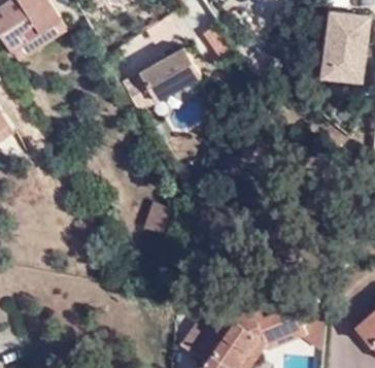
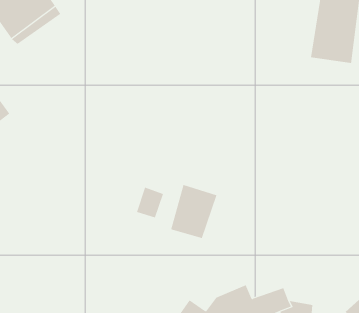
building: [123,45,203,113] -> none
building: none -> [171,184,217,239]

